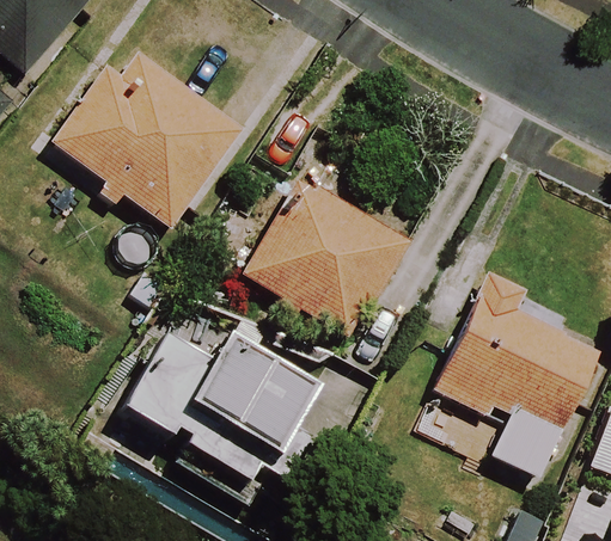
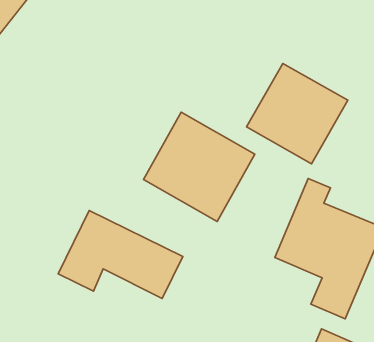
building: [54,45,240,226] -> none
building: none -> [247,63,348,164]

